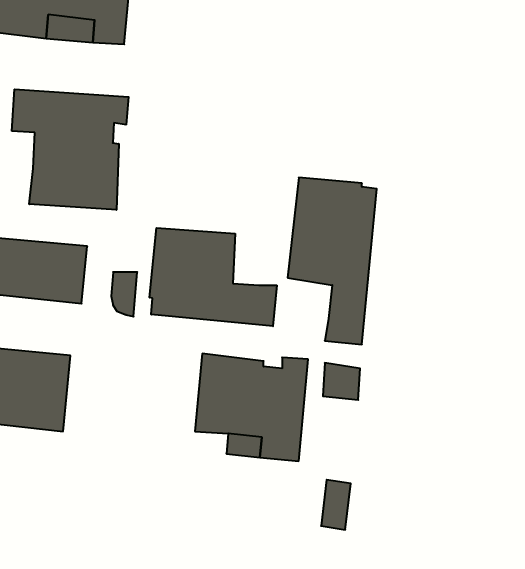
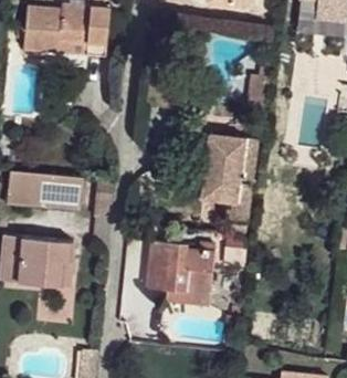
building: [12,89,129,210] -> none
building: [150,228,277,326] -> none

